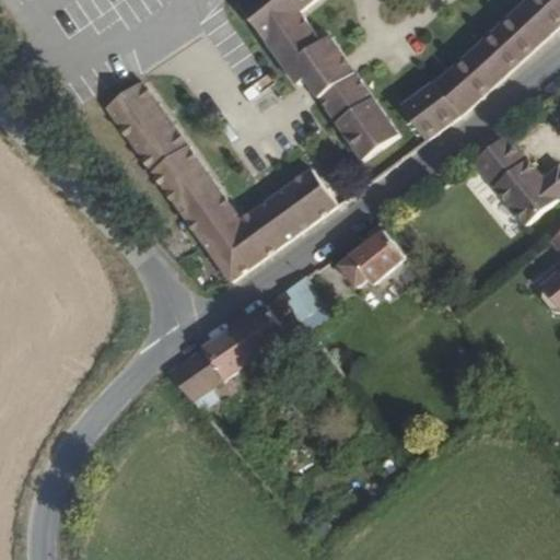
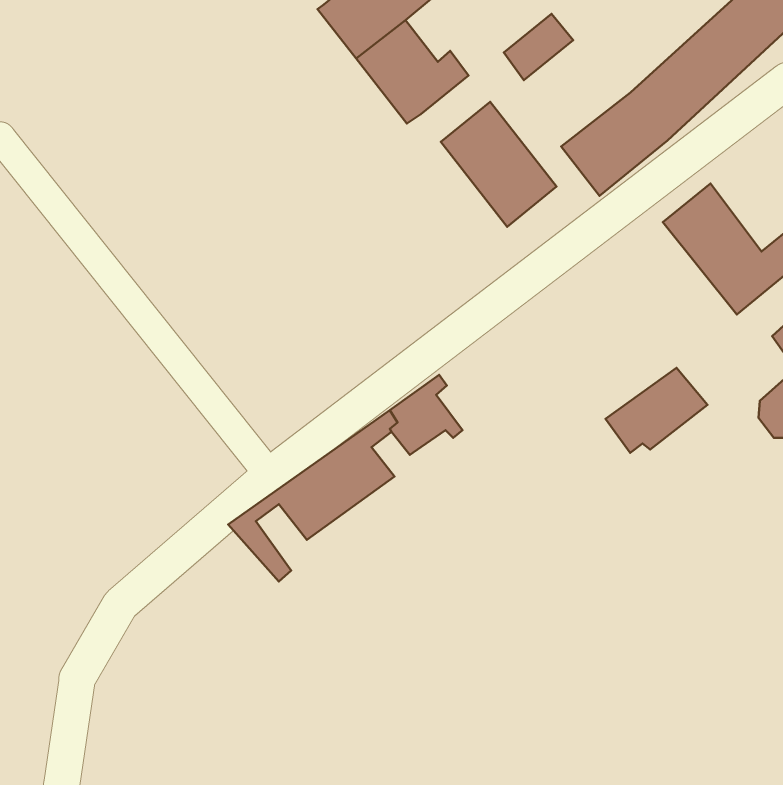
building: [302,54,351,101] -> [504,14,573,80]
building: [105,78,337,280] -> none
building: [336,229,408,289] -> [606,368,707,453]

